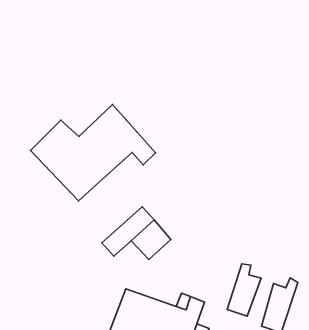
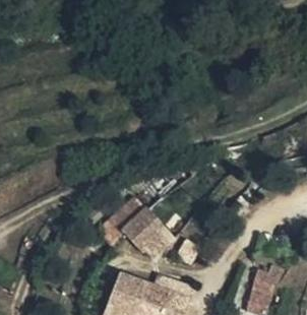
building: [31,105,156,201] -> none
building: [227,264,261,316] -> none

